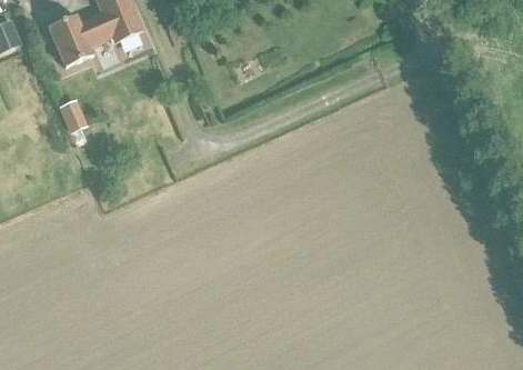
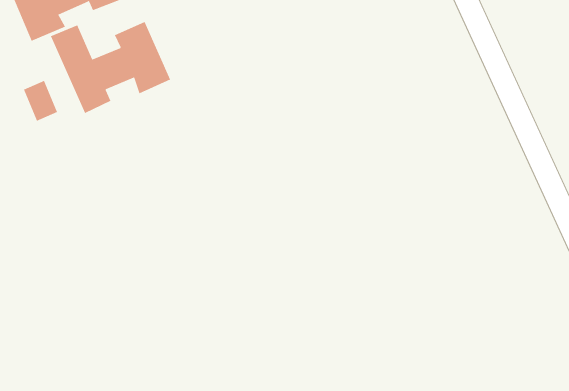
building: none -> [50,21,171,114]

